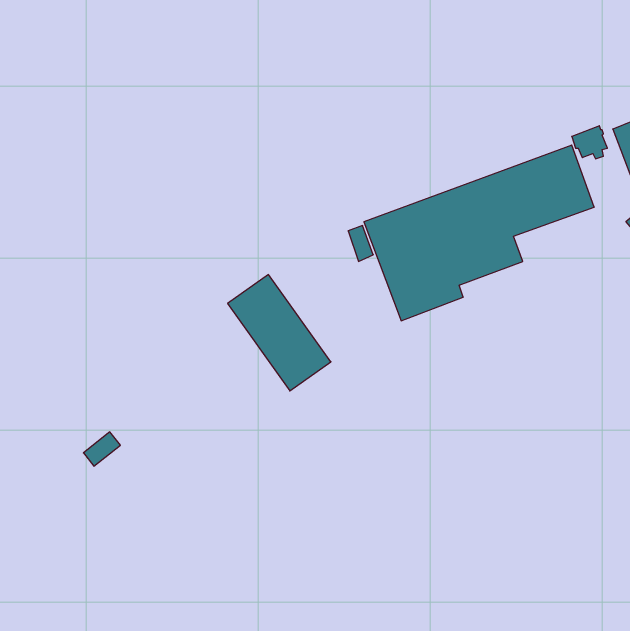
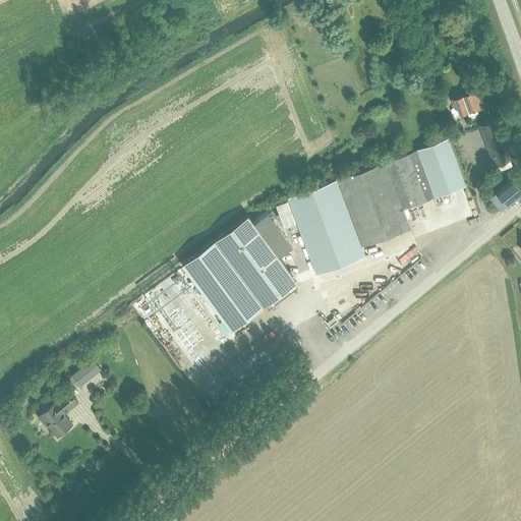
building: [572,126,607,159] -> [452,94,479,119]
building: none -> [215,213,296,308]
building: none -> [40,393,77,440]

